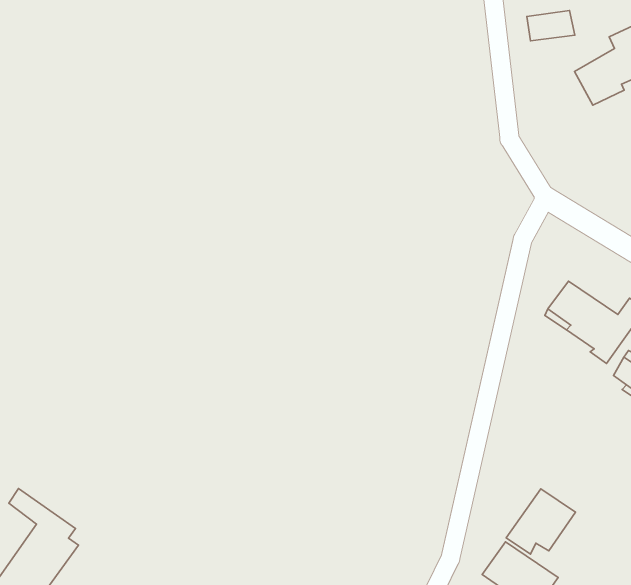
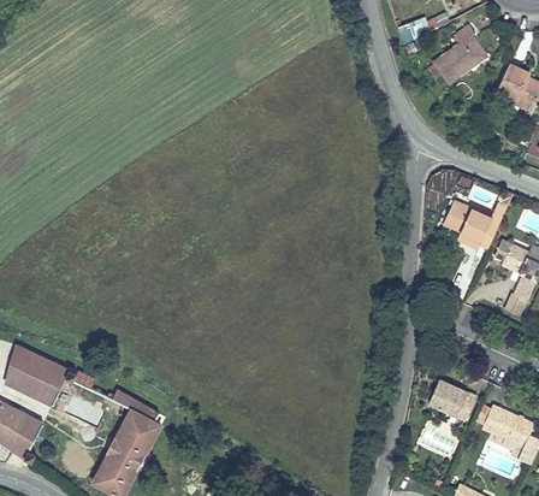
building: [506,489,575,554] -> none

